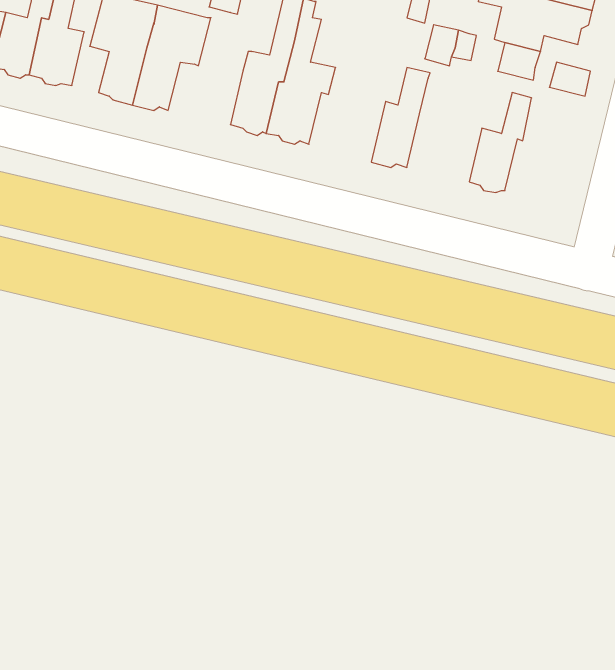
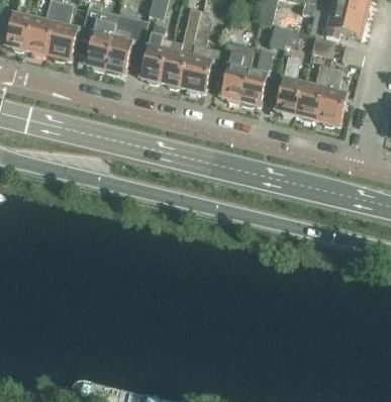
building: none -> [140,22,170,82]
building: none -> [216,38,254,102]
building: none -> [275,56,302,115]
building: none -> [315,66,347,124]

